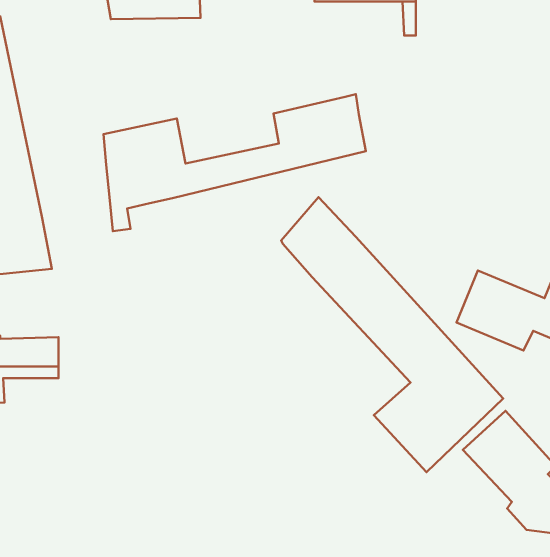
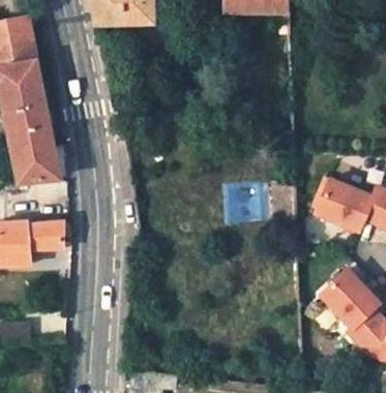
building: [104,94,366,231] -> none
building: [281,197,503,472] -> none

